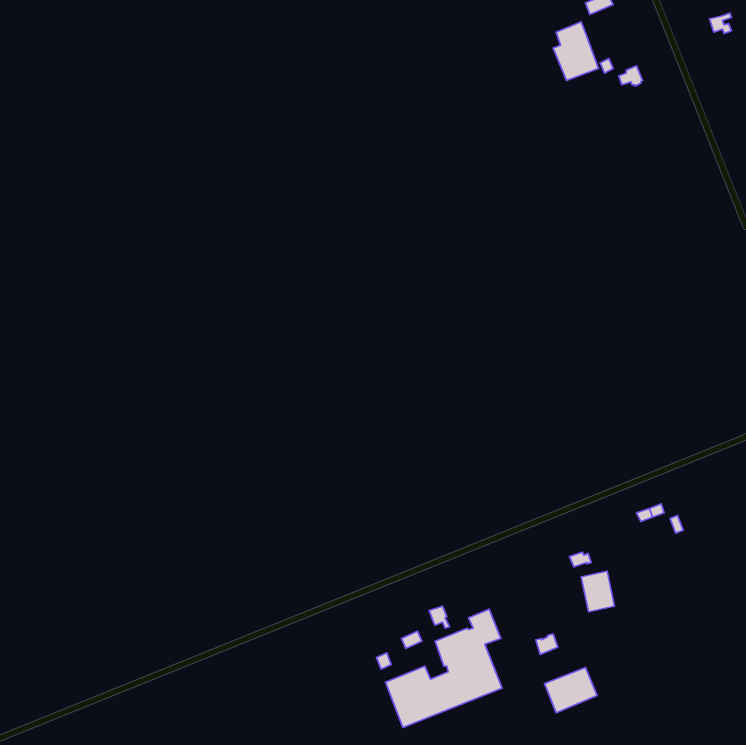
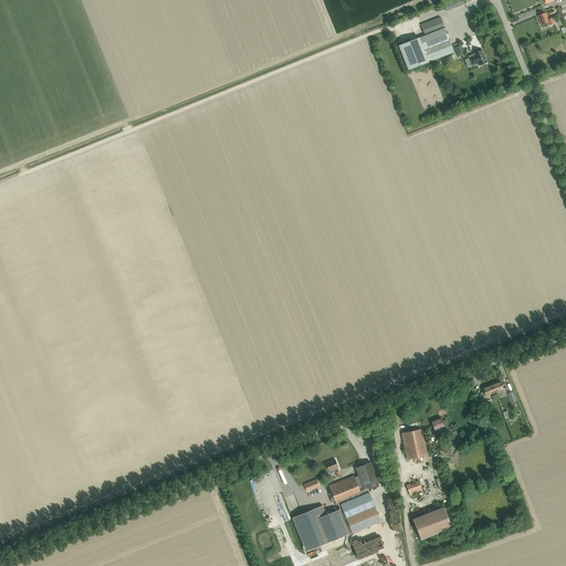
building: none -> [398,36,429,70]
building: [581,571,615,612] -> [401,428,427,459]

